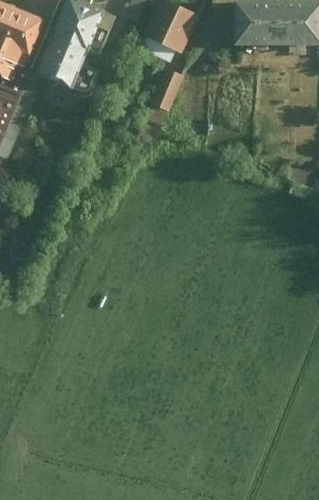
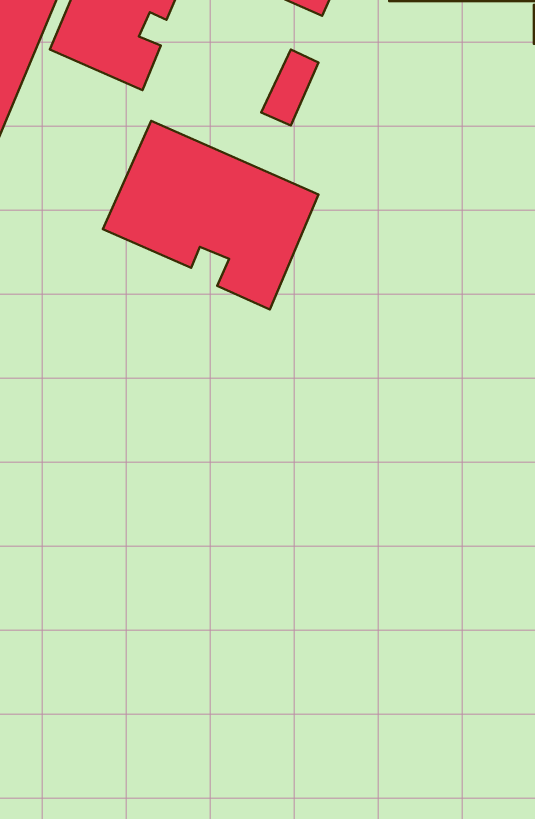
building: none -> [103,121,318,309]

